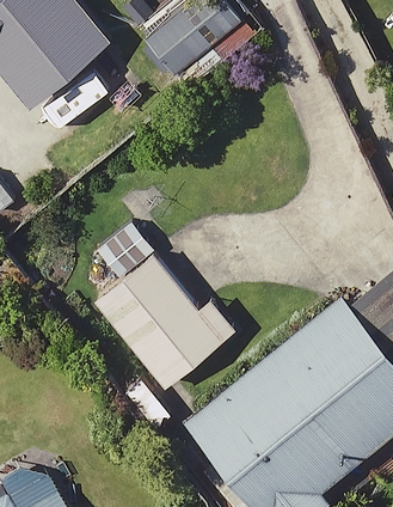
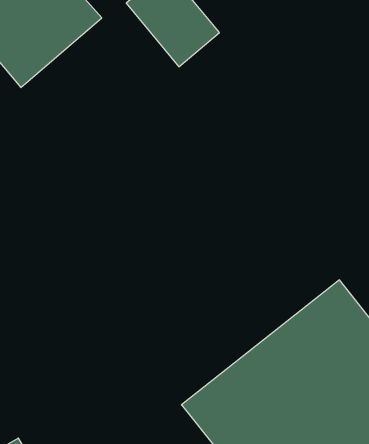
building: [94,251,235,387] -> none

